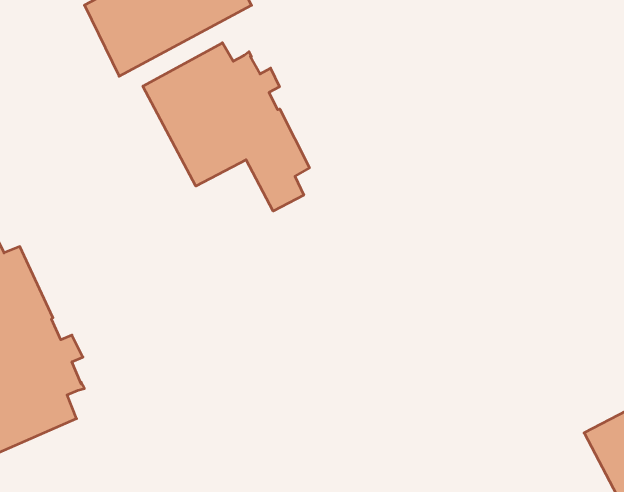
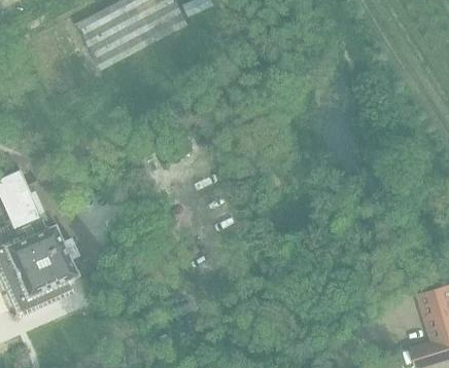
building: [143,43,309,211] -> none

